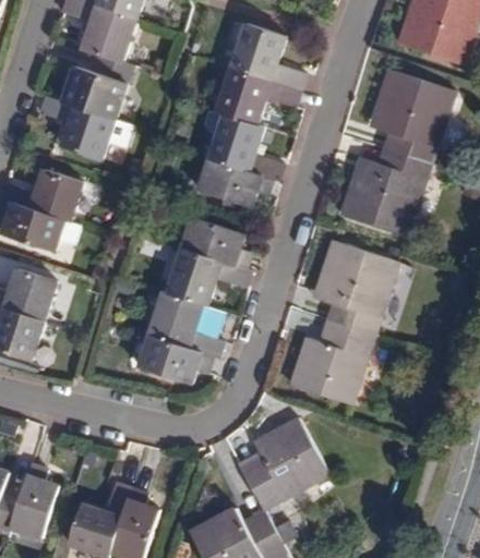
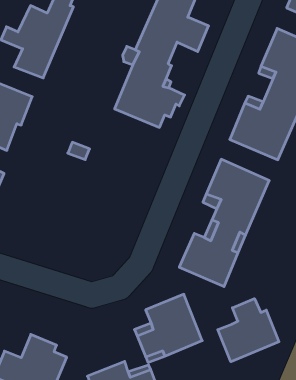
building: [136,217,245,386] -> none
building: none -> [218,299,279,362]

